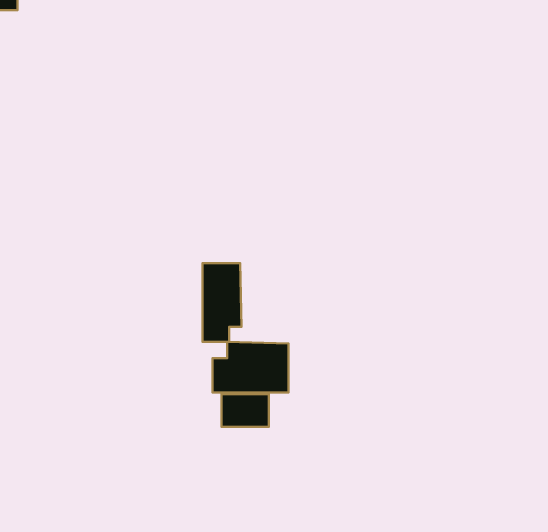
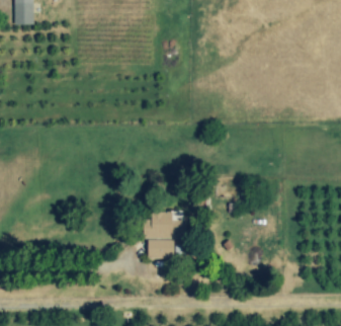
building: [202,263,242,342] -> none

